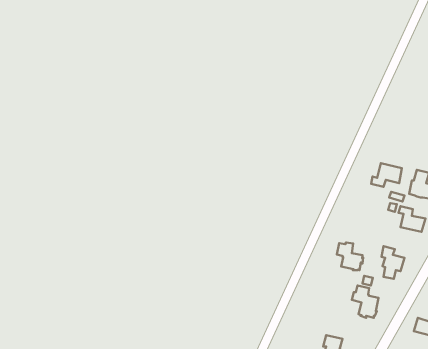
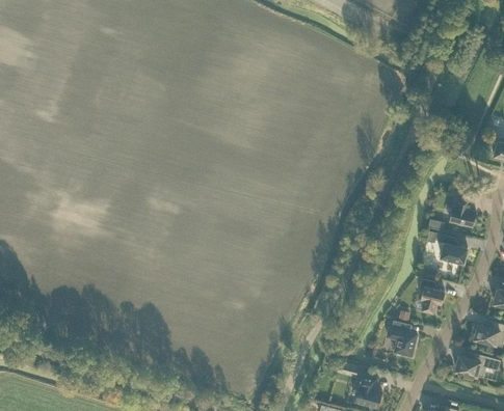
building: [371,163,402,187] -> none
building: [337,242,363,270] -> none

